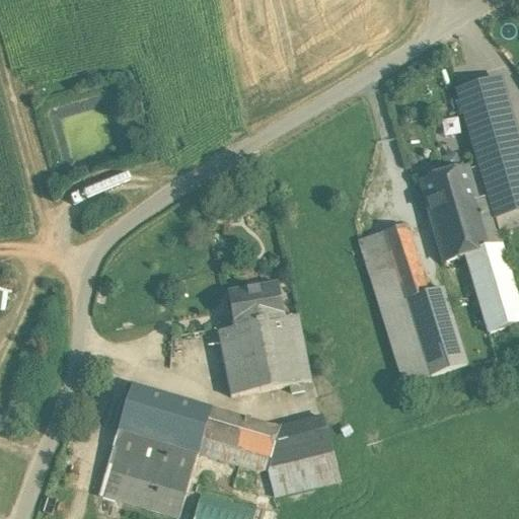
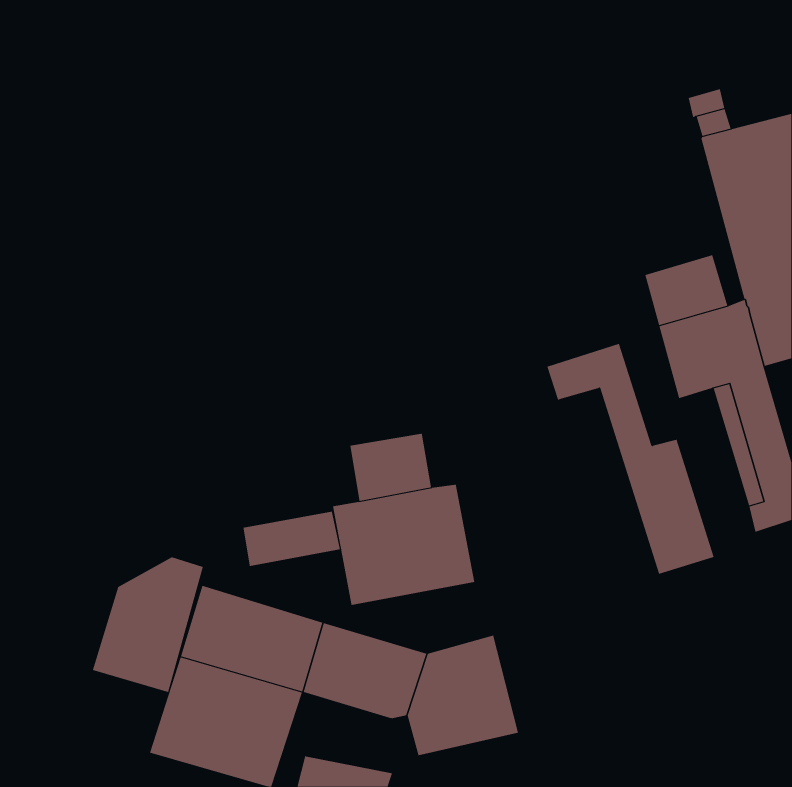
building: [367,253,430,383] -> none
building: none -> [243,511,341,567]
building: none -> [92,557,203,693]

